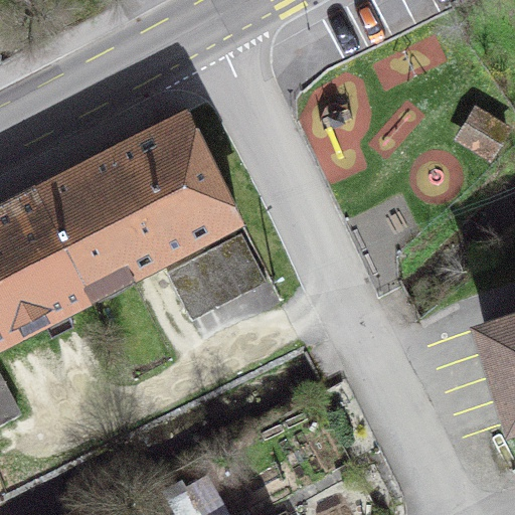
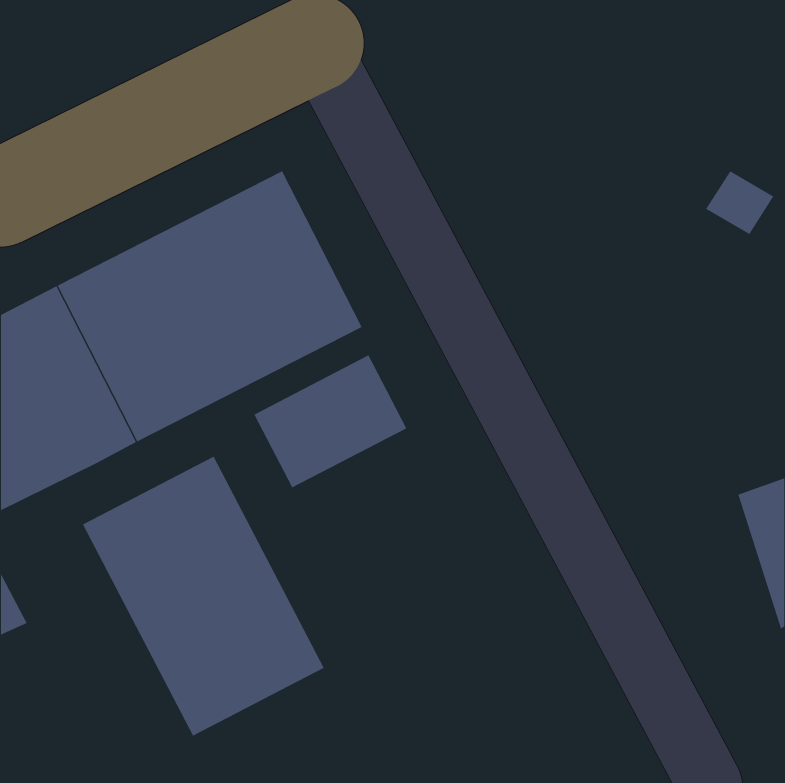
building: none -> [82,456,324,737]

